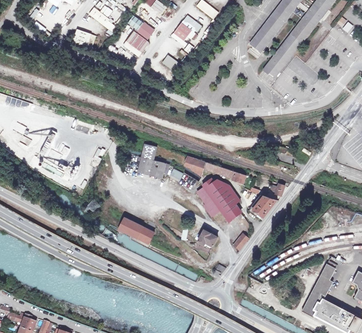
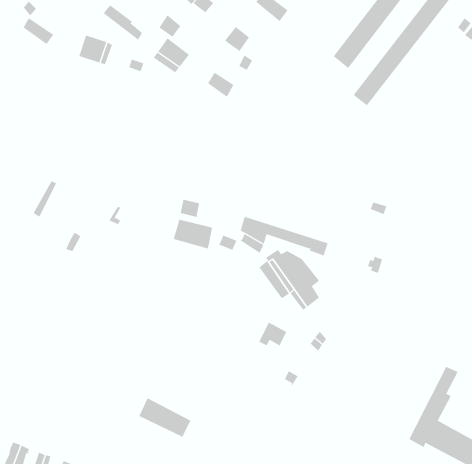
building: [248,194,277,220] -> none
building: [117,216,154,244] -> [138,398,191,438]

